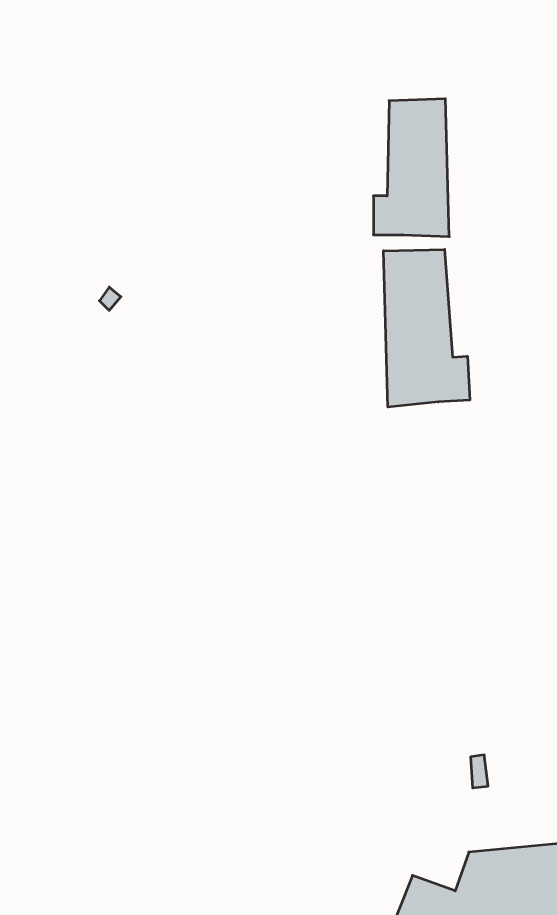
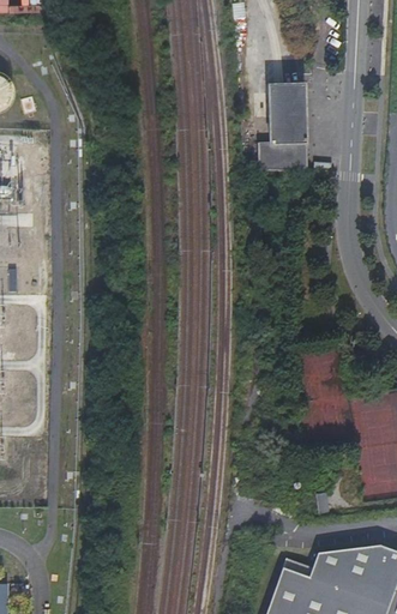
building: [384,249,470,407] -> none

